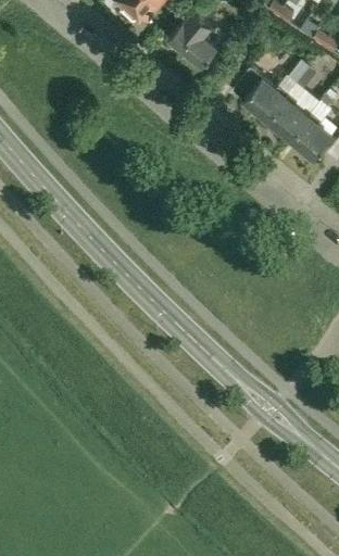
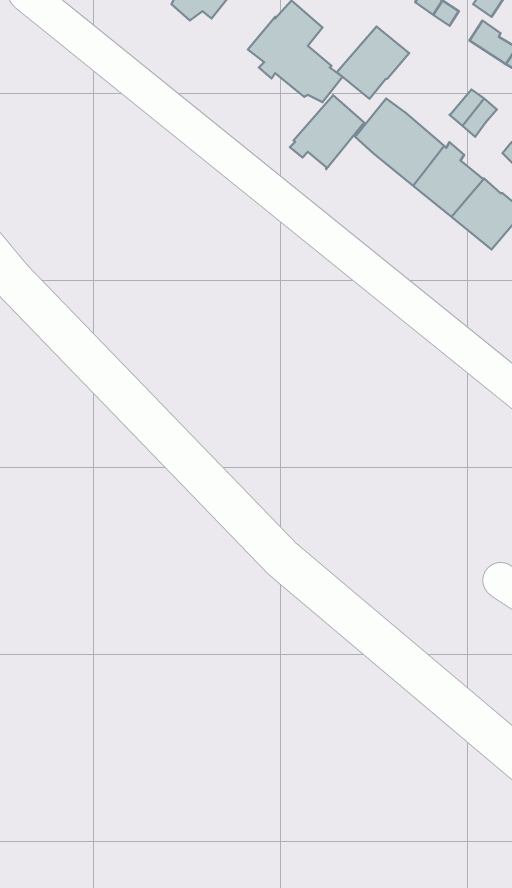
building: none -> [337,26,409,99]
building: none -> [290,95,364,169]

